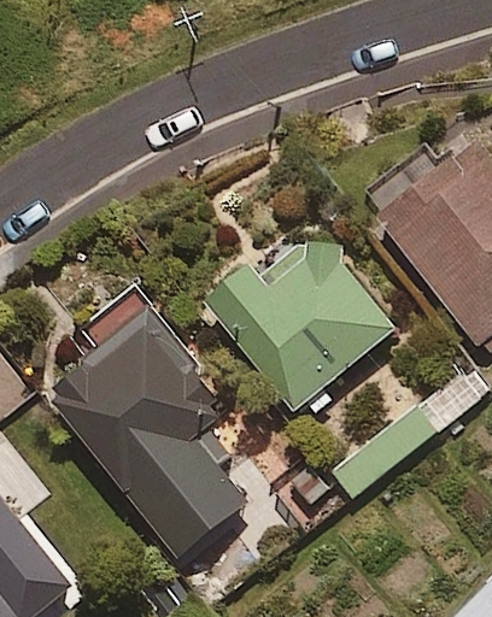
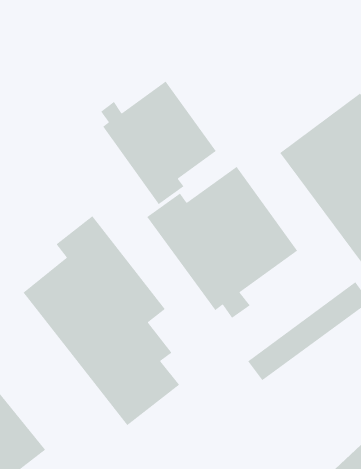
building: none -> [100,81,217,205]

